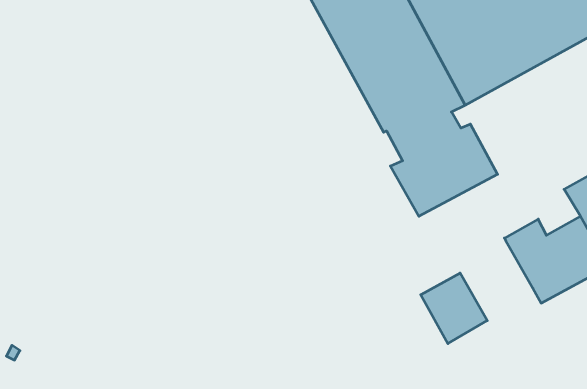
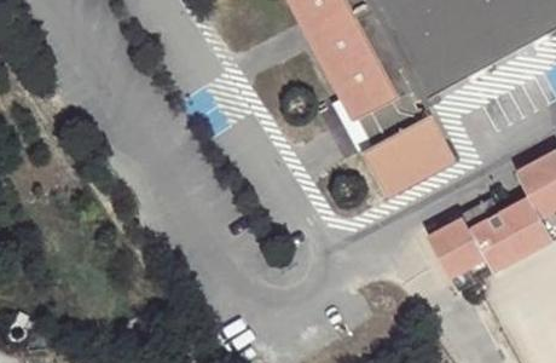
building: [421,273,487,344] -> [425,218,485,281]

